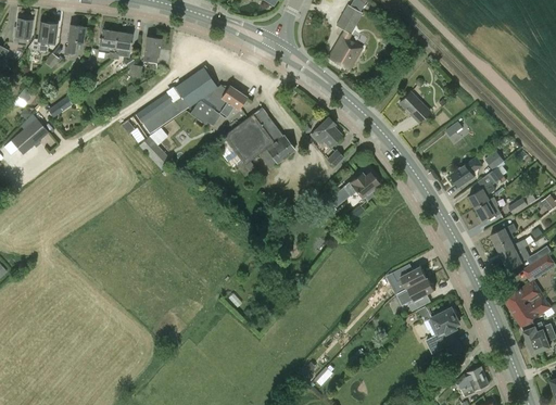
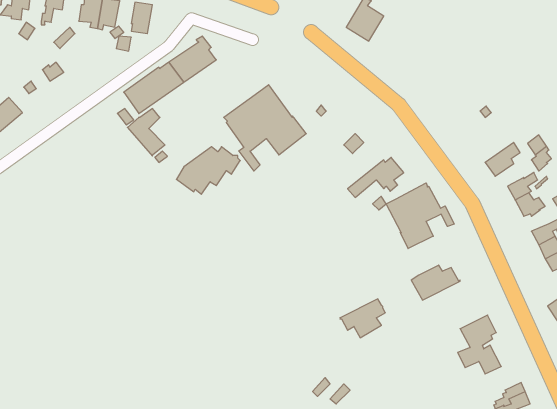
building: [190,85,245,126] -> [176,147,240,194]
building: [399,91,429,122] -> none
building: [313,117,342,148] -> none
building: none -> [386,183,454,249]
building: [395,278,434,312] -> [340,299,385,338]

